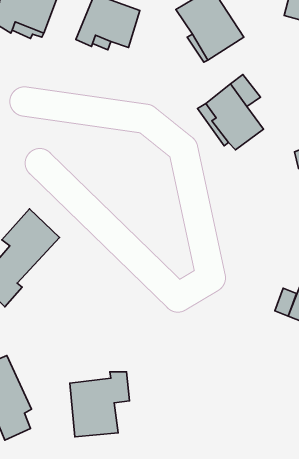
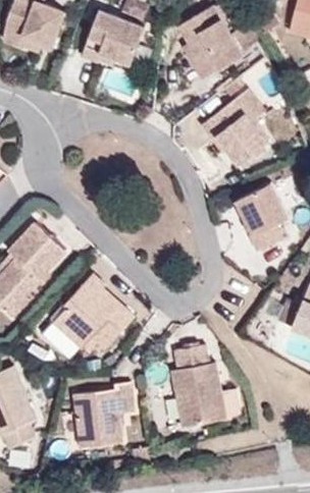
building: none -> [237,181,290,251]
building: none -> [52,275,136,349]
building: none -> [172,339,225,426]

